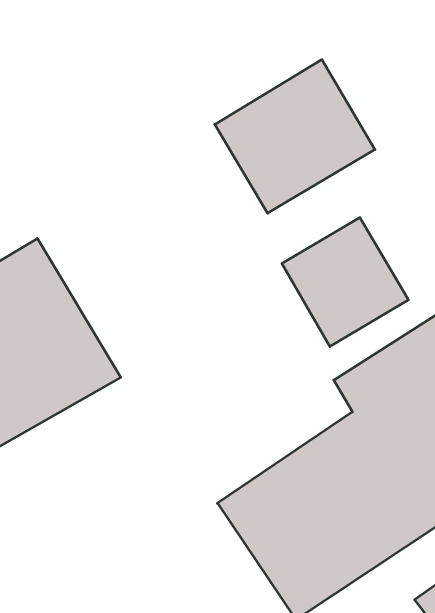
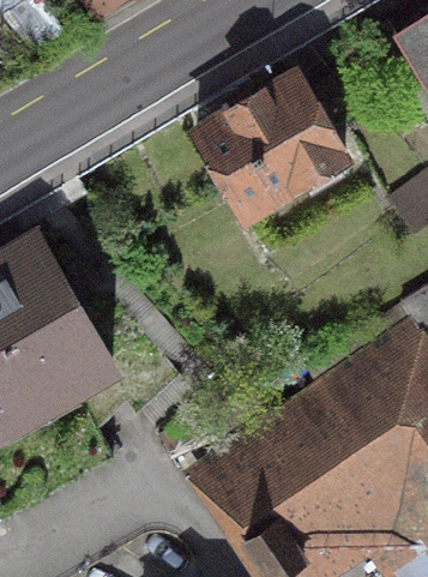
building: [282,218,408,347] -> none

